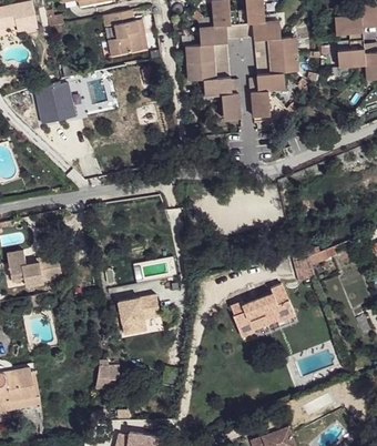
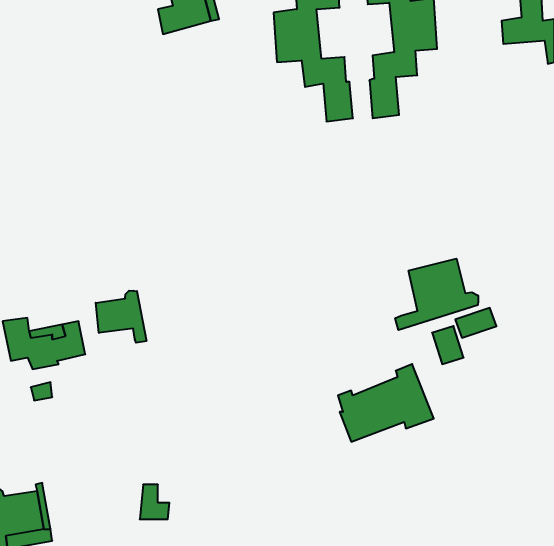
building: [35,85,82,114] -> none
building: none -> [395,259,478,330]
building: none -> [96,291,146,343]
building: [119,293,160,333] -> none

